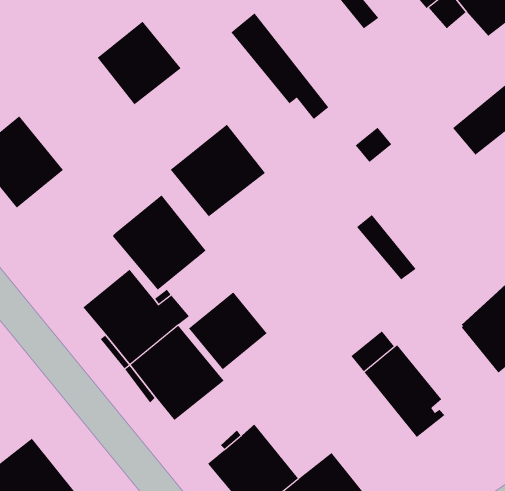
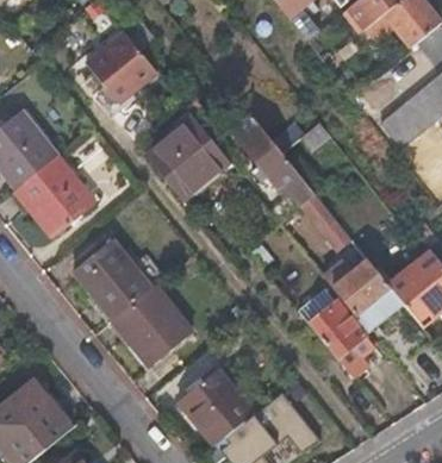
building: [230,12,329,120] -> [232,115,315,205]
building: [112,195,206,291] -> [17,157,95,237]
building: [188,292,268,370] -> none
building: none -> [324,258,390,315]

